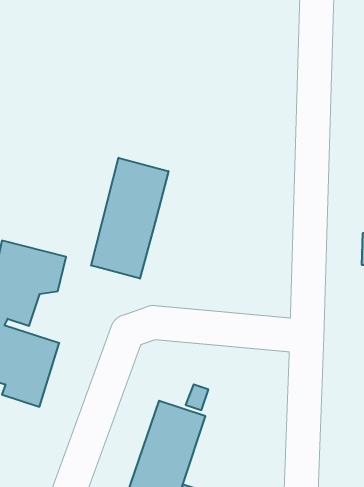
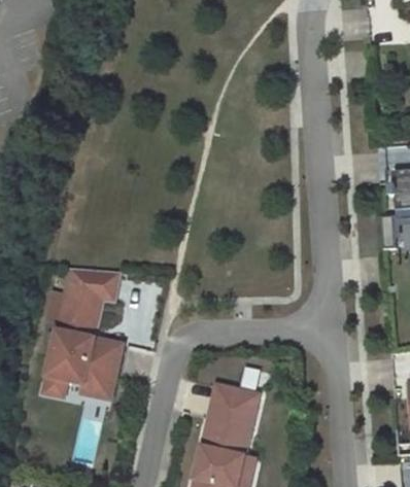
building: [91,158,168,279] -> none

